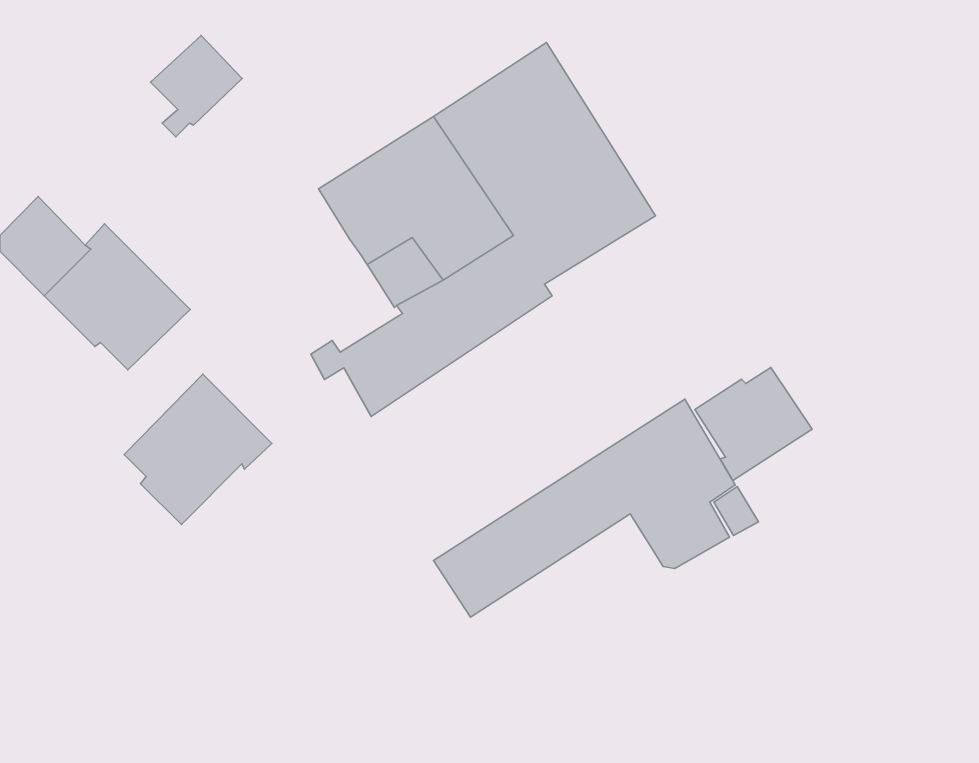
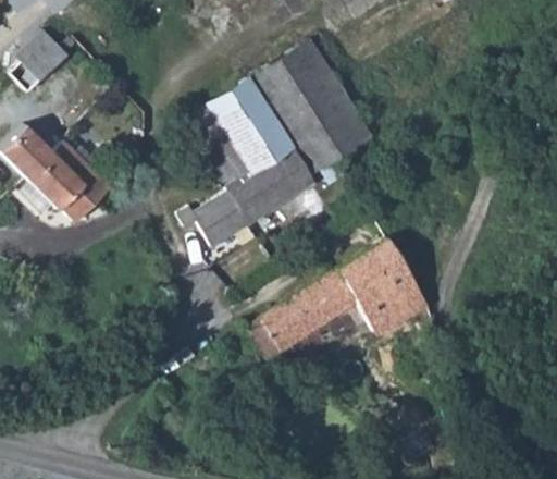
building: [151,36,242,137] -> [16,28,67,85]
building: [695,367,812,480] -> none
building: [124,374,272,525] -> none

